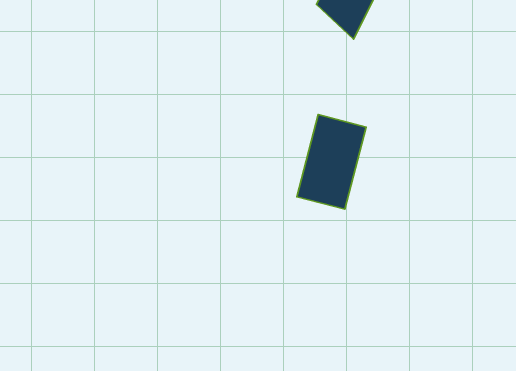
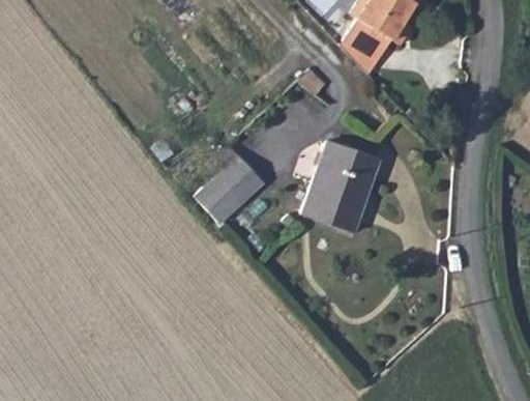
building: none -> [205,161,272,230]

